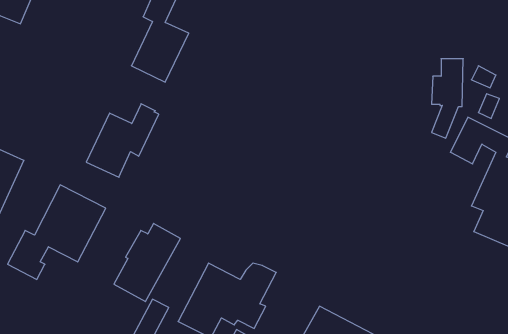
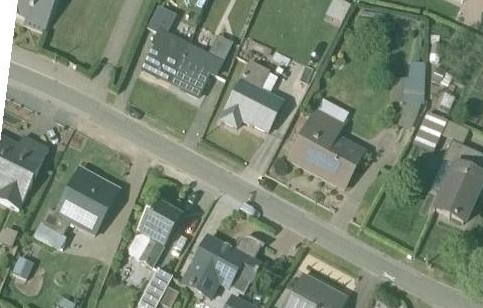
building: none -> [221,51,285,132]
building: none -> [288,96,366,187]
building: [86,104,159,177] -> [169,31,231,94]

